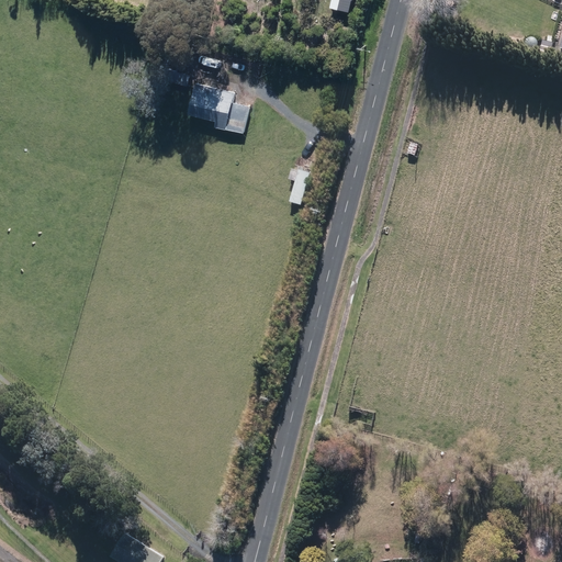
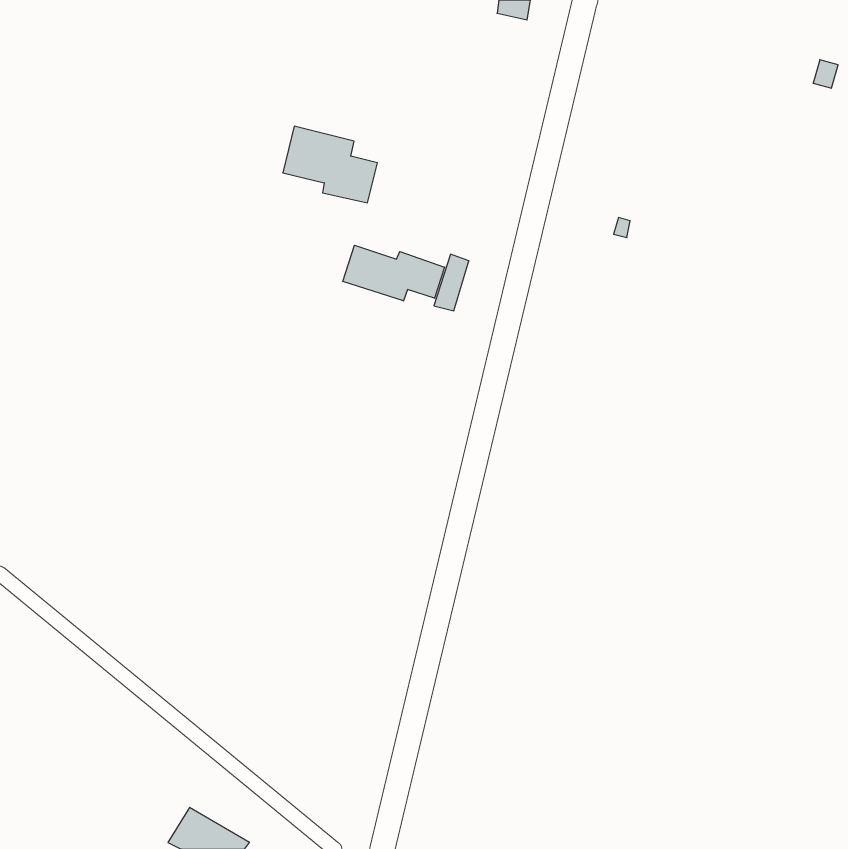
building: none -> [343,245,445,301]

